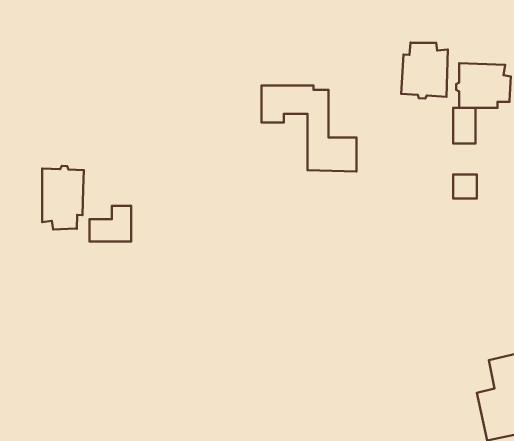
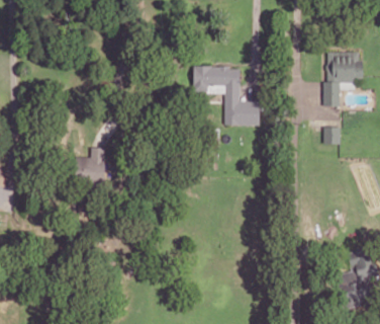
building: [401,43,448,98] -> none
building: [42,166,84,229] -> none

